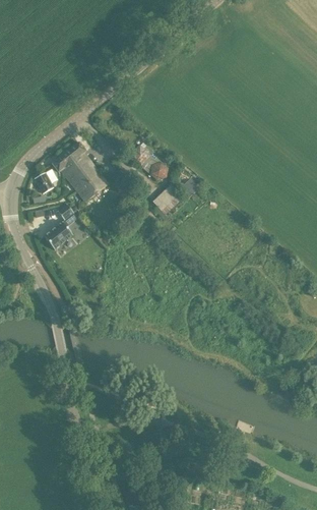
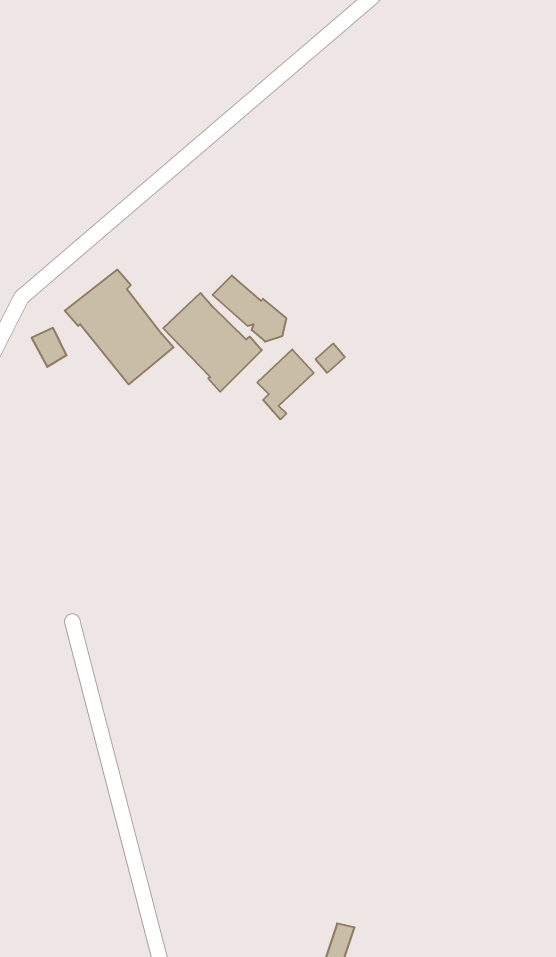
building: none -> [163,293,262,392]
building: [44,204,77,250] -> none

